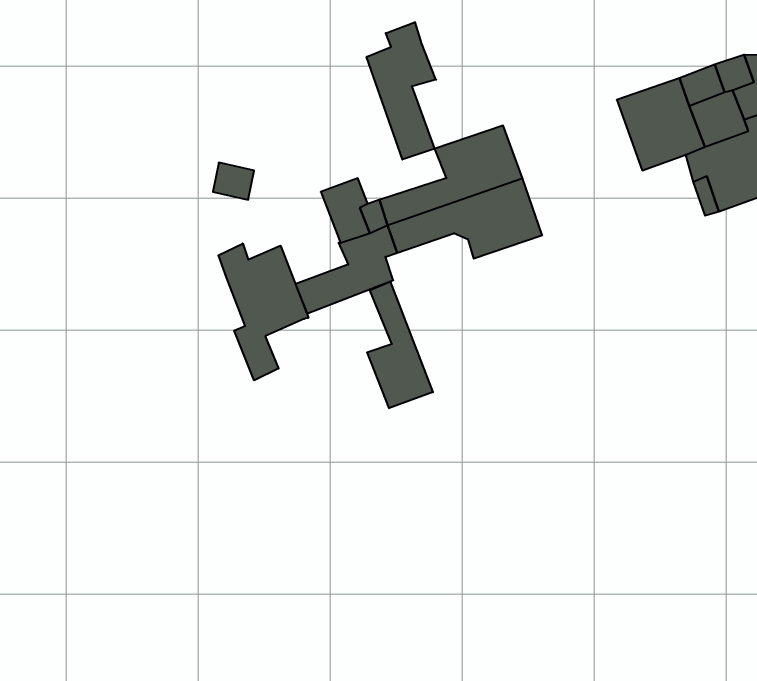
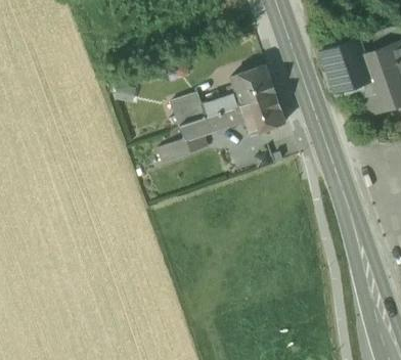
building: [367,22,436,160] -> none
building: [218,243,308,380] -> none
building: [367,281,433,408] -> none

